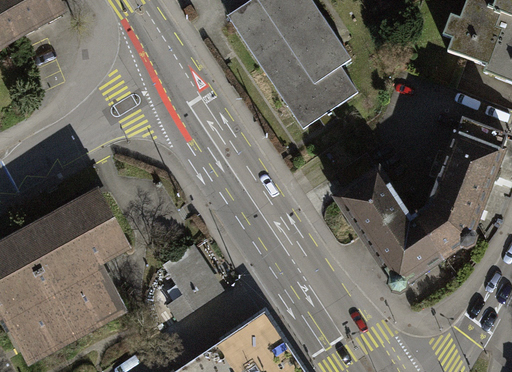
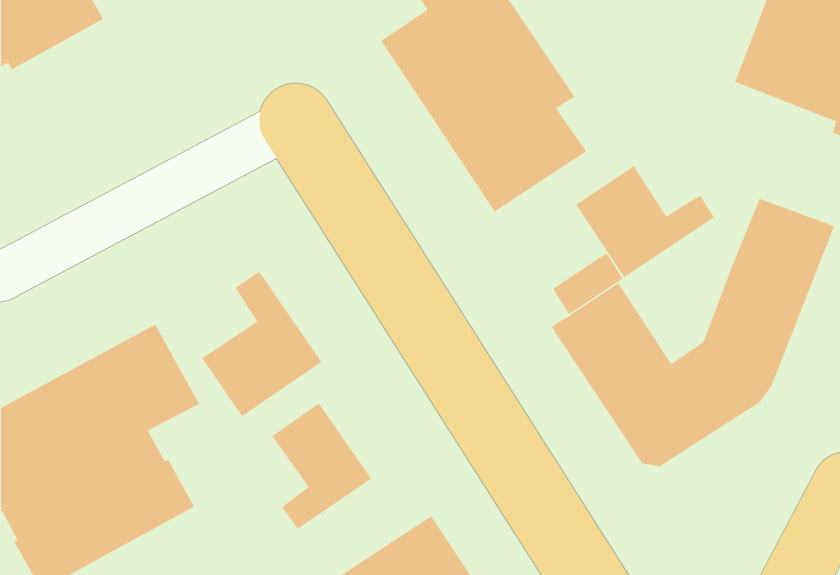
building: none -> [575,165,715,278]
building: none -> [201,271,322,417]

